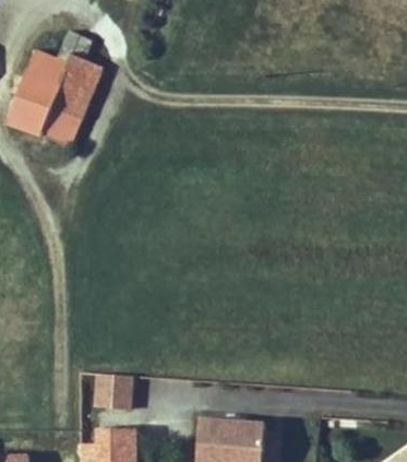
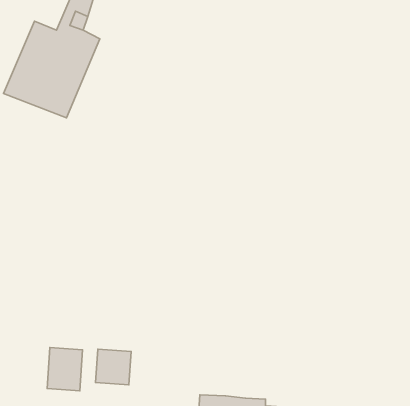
building: none -> [47,348,83,391]

